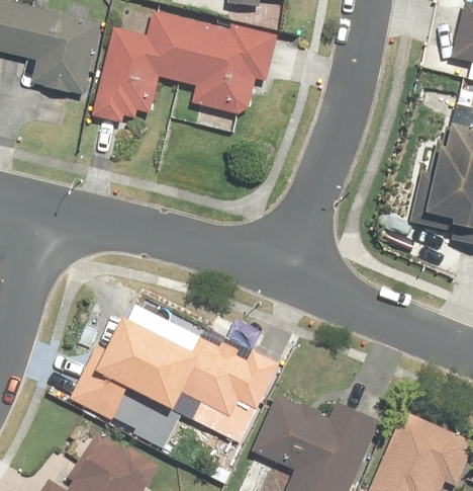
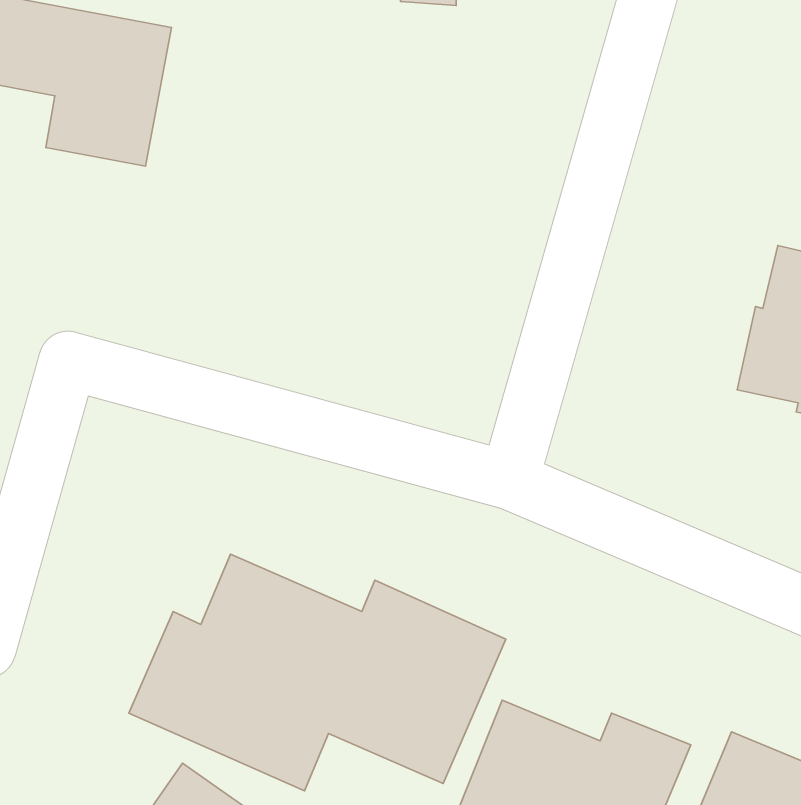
building: [90,13,271,131] -> none

